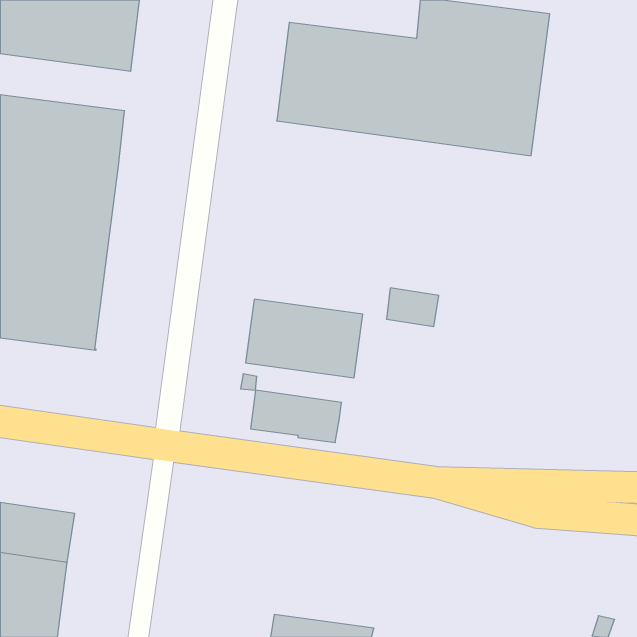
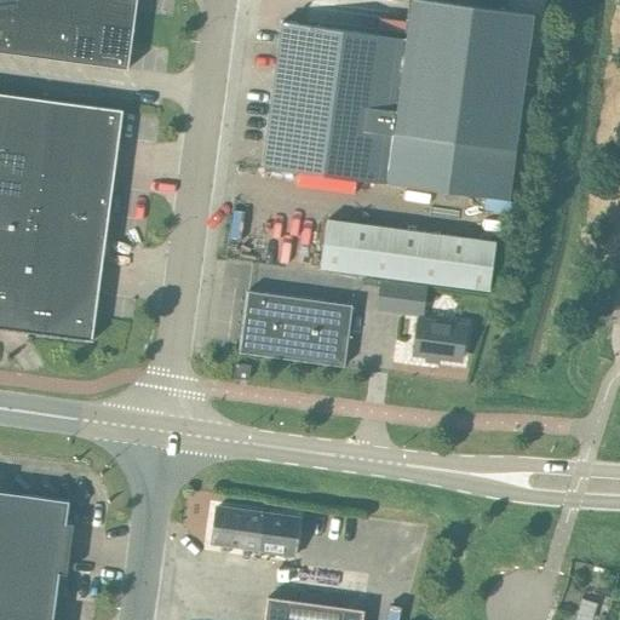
building: none -> [262,117,516,200]
building: none -> [321,219,495,291]
building: none -> [412,318,465,362]
building: [251,390,342,443] -> [211,506,299,557]

